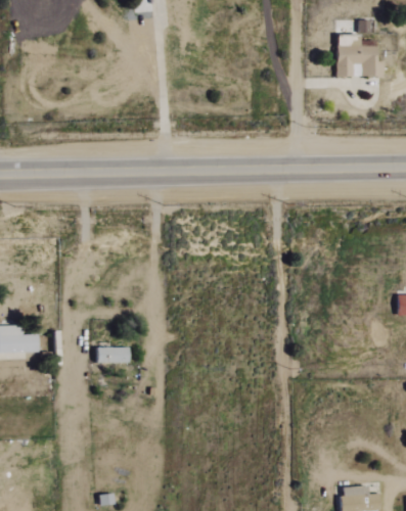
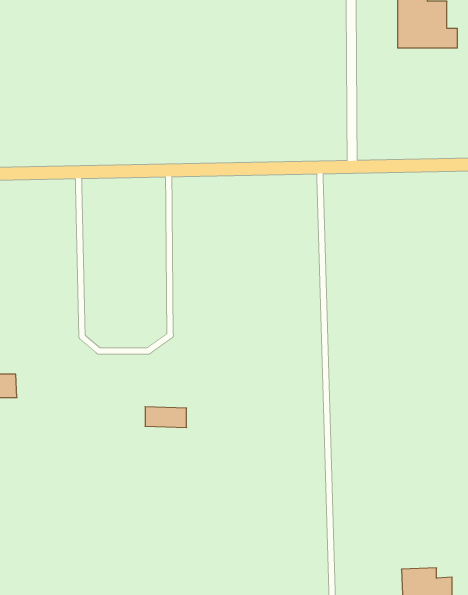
building: [96,347,129,364] -> [145,407,187,428]

